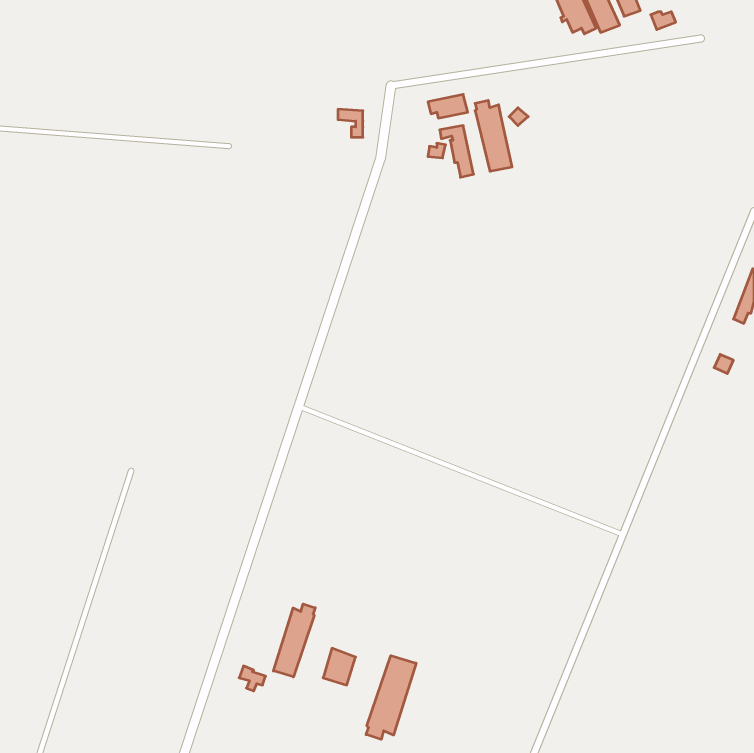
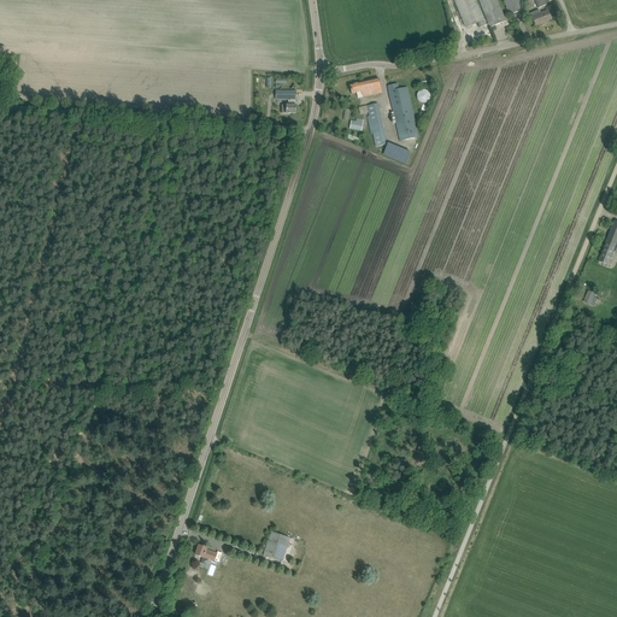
building: [273,604,315,677] -> none
building: [366,656,416,739] -> none

